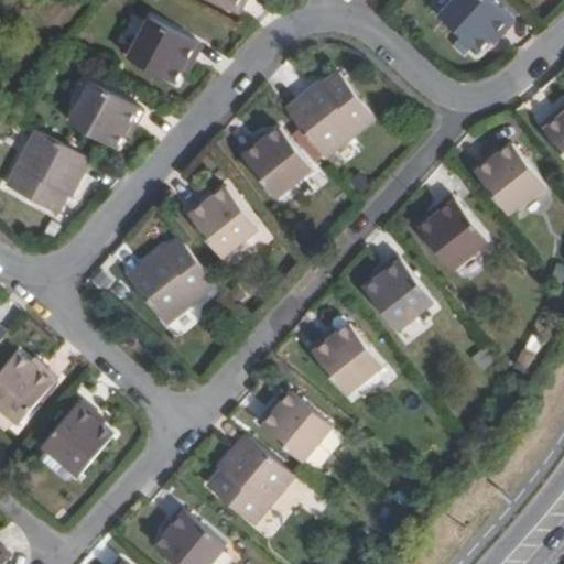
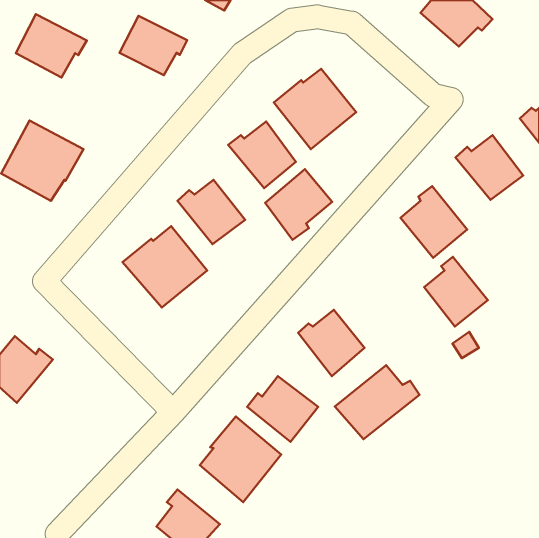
building: [64,83,138,149] -> [16,14,87,78]
building: none -> [265,169,332,240]
building: [366,260,432,333] -> [424,257,488,326]
building: none -> [335,365,420,439]
building: [41,403,108,476] -> none

